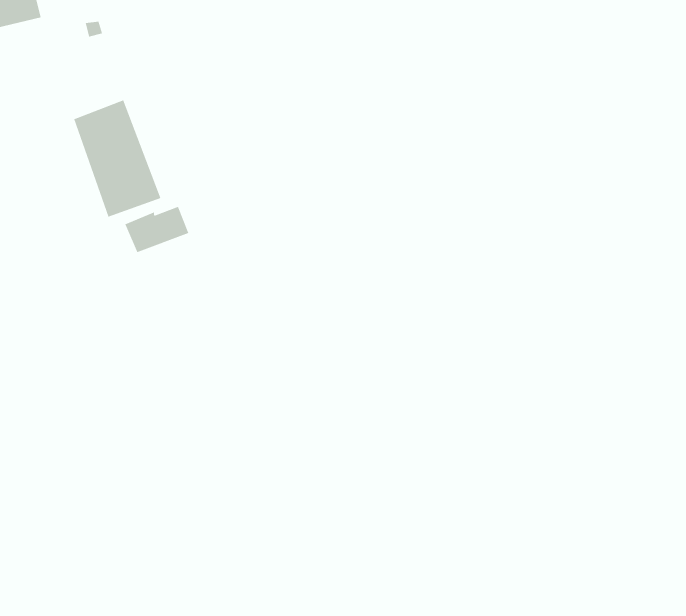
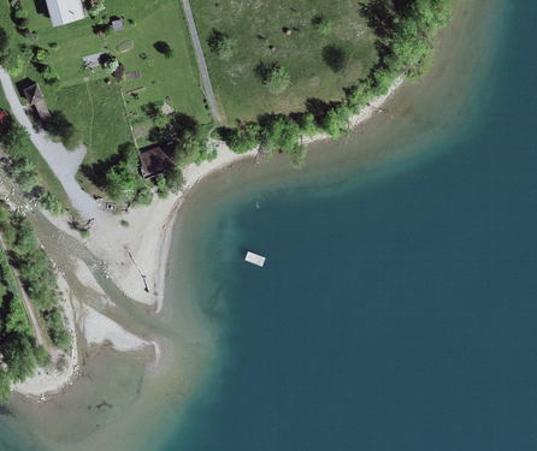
building: [73,99,161,218] -> none

